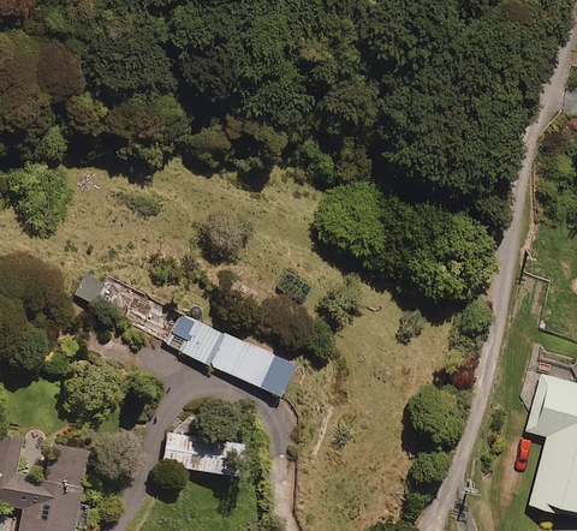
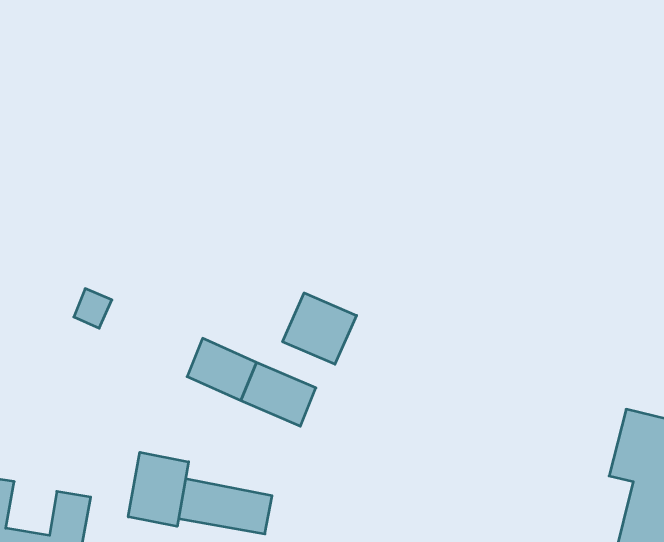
building: none -> [283,293,357,364]
building: none -> [128,452,189,526]

